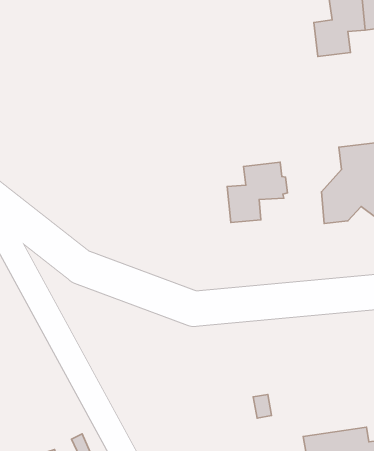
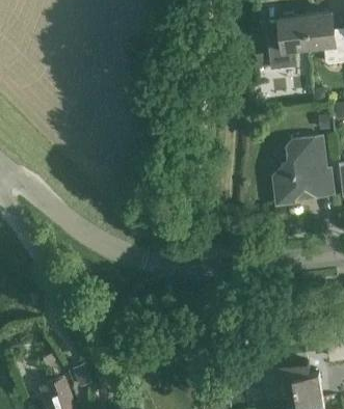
building: [227,162,287,223] -> none

